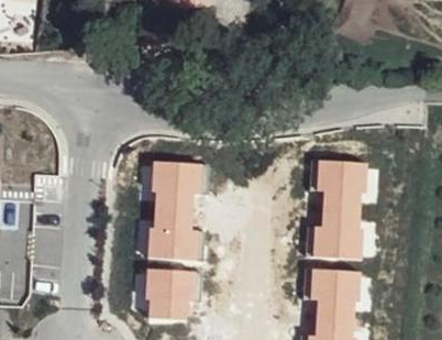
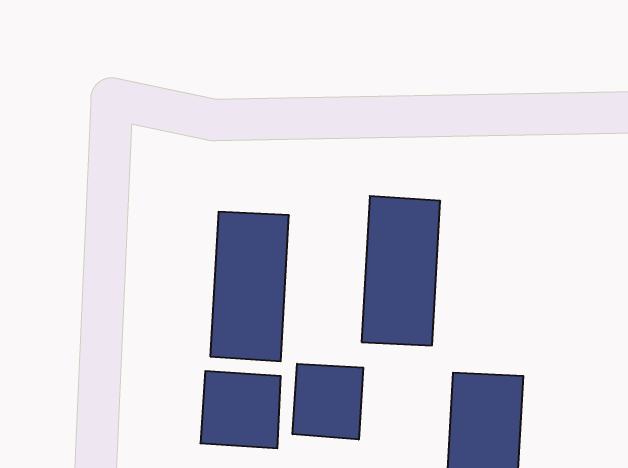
building: [311,158,364,259] -> [362,196,440,345]
building: none -> [293,364,363,440]

